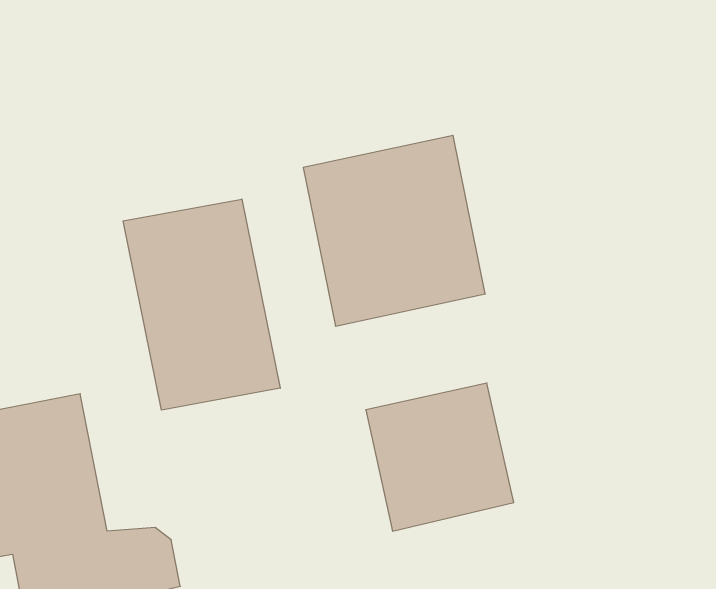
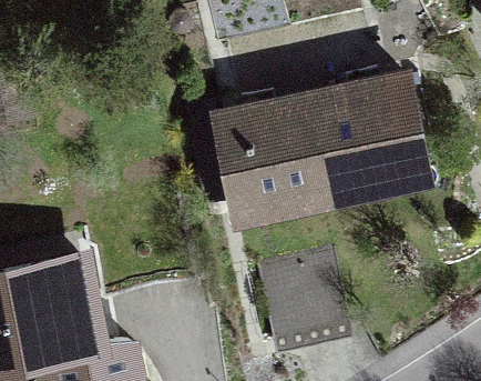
building: none -> [311,76,424,194]
building: [123,199,280,410] -> none

